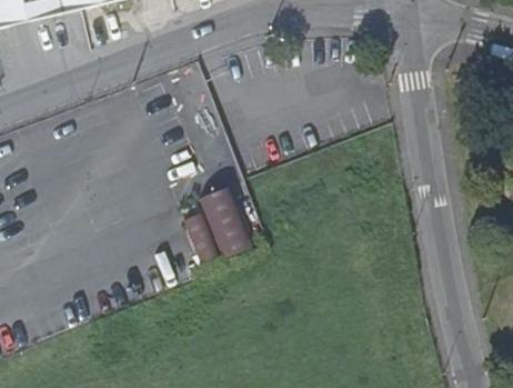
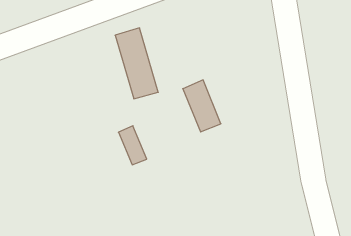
building: [201,182,253,253] -> [183,80,221,132]

